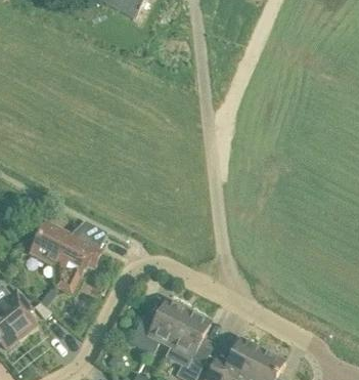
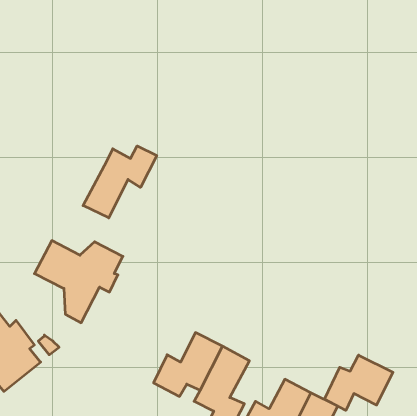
building: none -> [83,146,157,218]
building: none -> [324,355,393,410]

